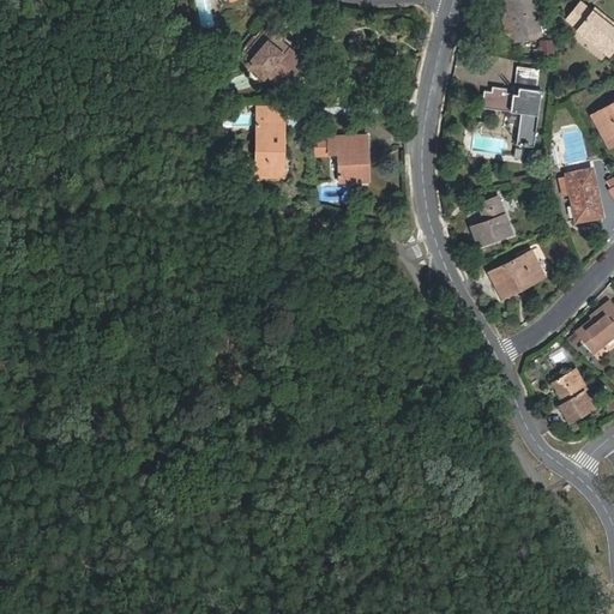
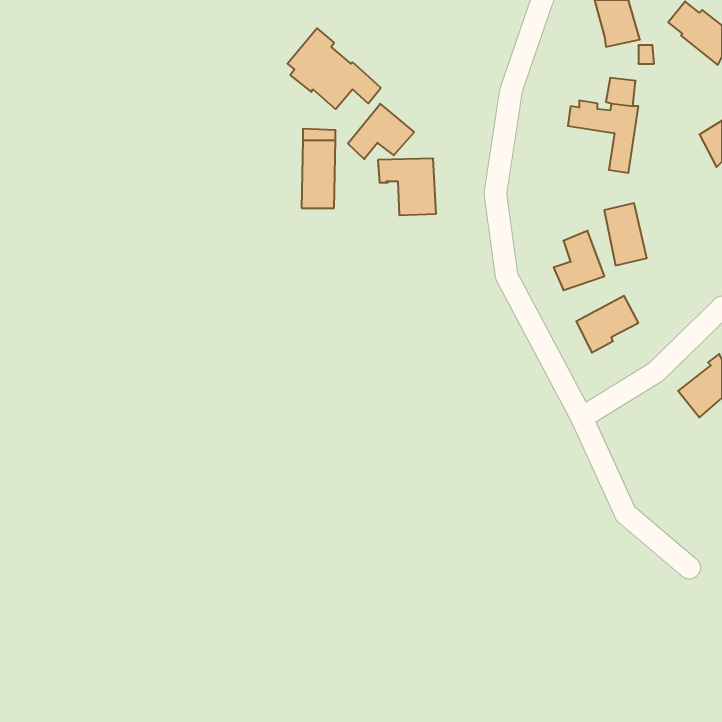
building: none -> [348,104,414,159]
building: [566,169,602,222] -> [604,203,647,265]
building: [552,368,595,425] -> none

